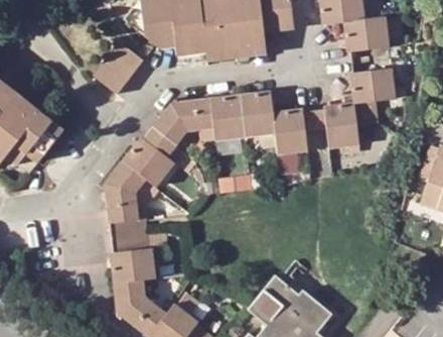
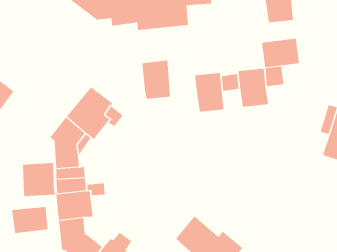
building: [94,40,142,93] -> none
building: [243,90,276,136] -> none
building: [152,97,214,144] -> none
building: none -> [22,162,56,197]
building: none -> [11,206,48,234]

